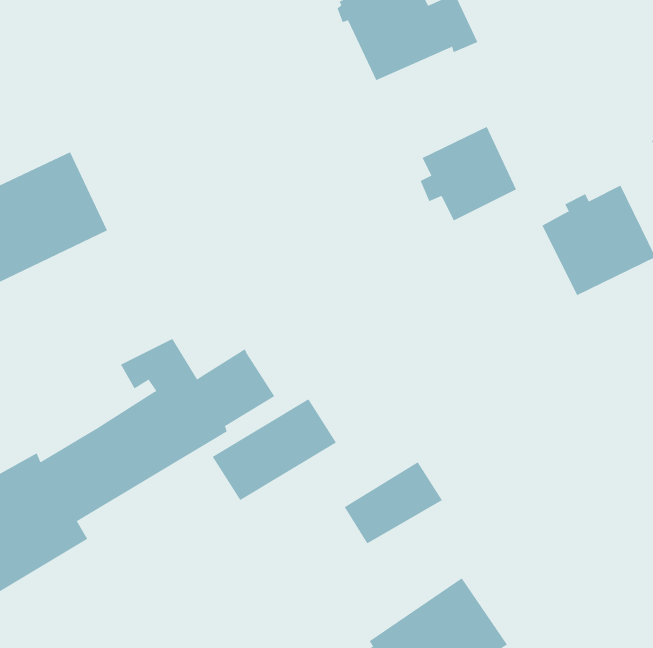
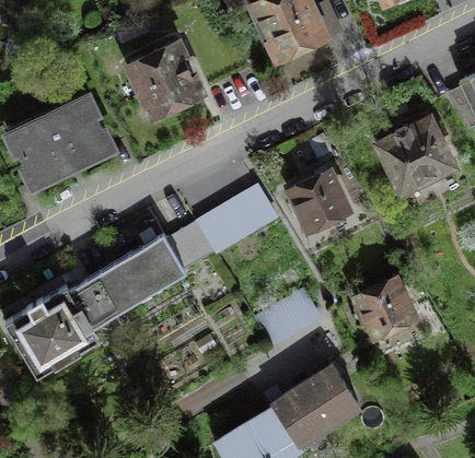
building: none -> [130,45,199,116]
building: [420,126,517,221] -> [288,172,348,231]
building: [212,399,337,501] -> [197,189,275,253]
building: none -> [355,279,415,338]

